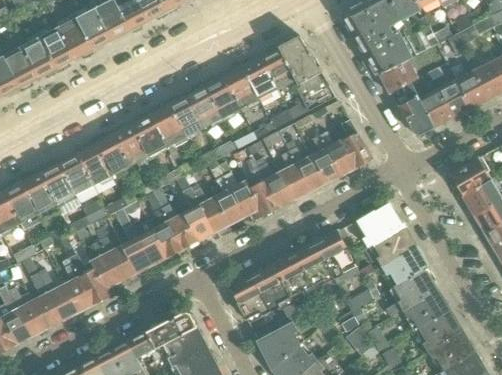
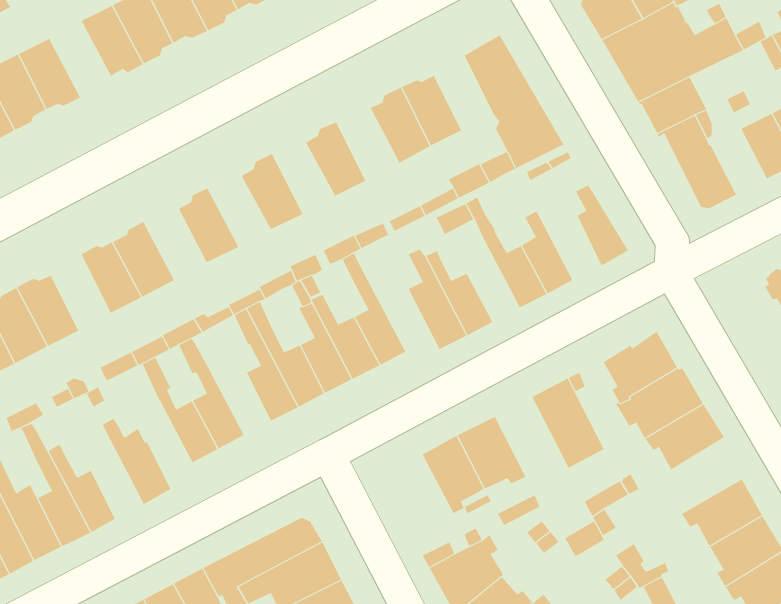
building: [39,27,74,71] -> none
building: [260,47,294,90] -> none
building: [204,77,240,119] -> none
building: [419,89,451,127] -> none
building: [167,97,203,138] -> none
building: [130,116,166,157] -> none
building: [319,132,356,176] -> none
building: [93,135,129,176] -> none
building: [279,152,309,200] -> none
building: [40,161,74,205] -> none
building: [217,162,263,221] -> none
building: [130,221,166,265] -> none
building: [90,241,121,296] -> none
building: [295,243,334,285] -> none
building: [62,259,93,313] -> none
building: [393,266,437,310] -> none
building: [230,276,271,319] -> none

